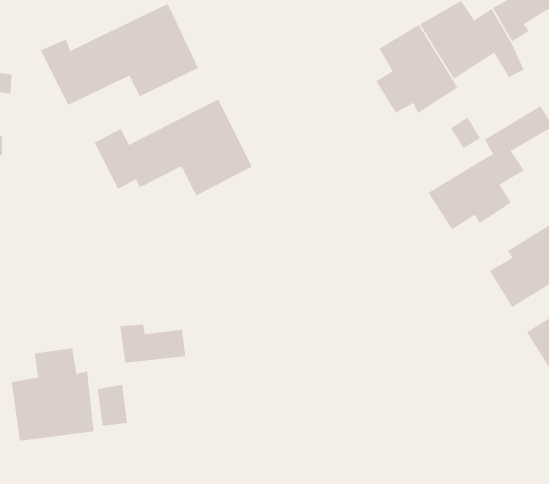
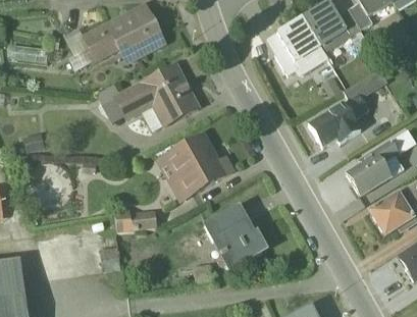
building: none -> [156,131,236,201]
building: none -> [204,204,266,271]
building: [11,348,94,441] -> none

